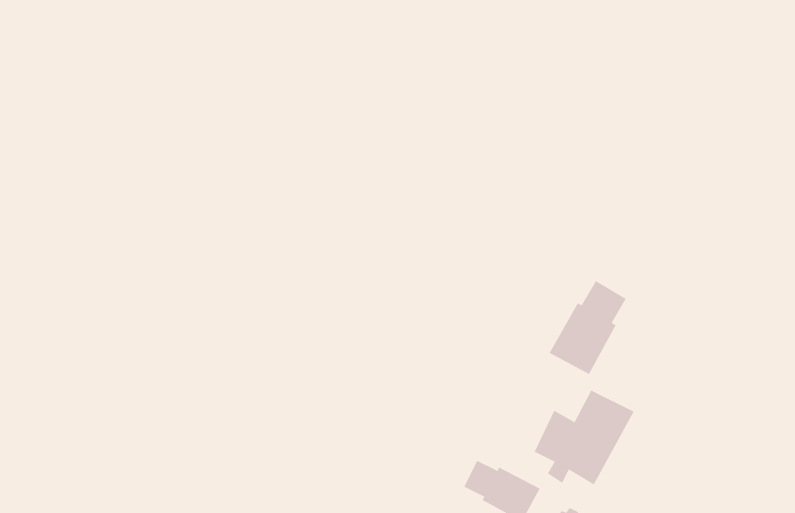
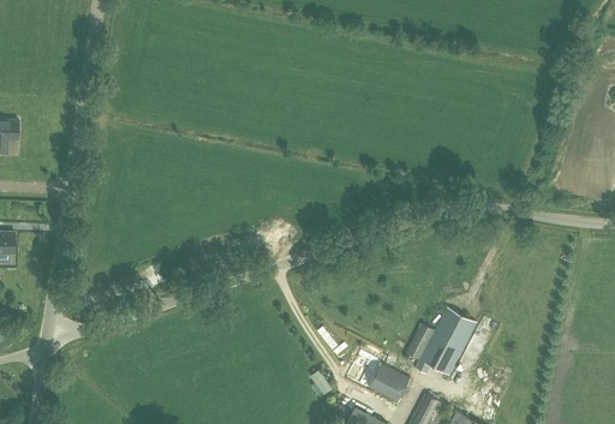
building: [549,280,627,375] -> none

